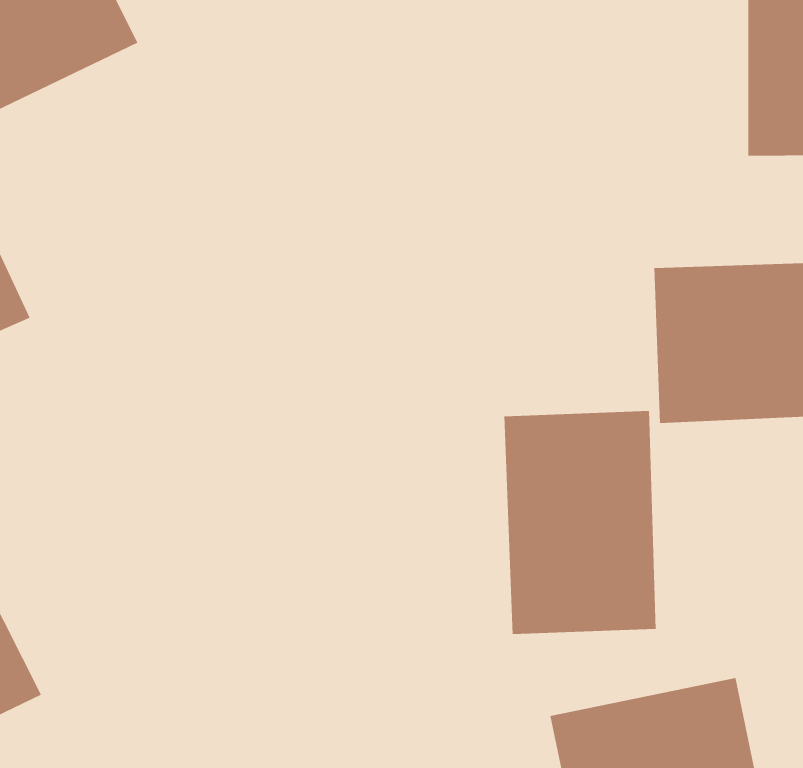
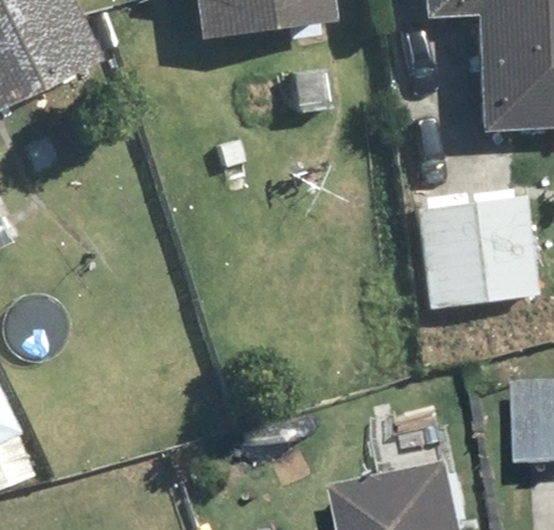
building: [504,410,656,635] -> none

